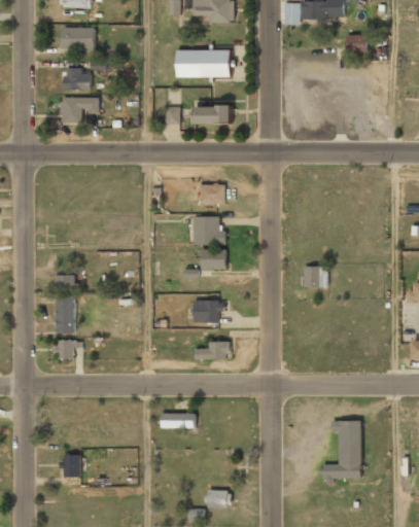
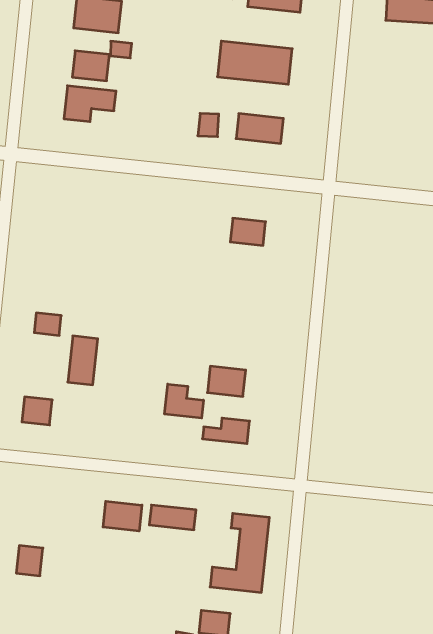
building: [191,217,223,245] -> none
building: [199,250,224,271] -> none
building: [303,266,326,286] -> none
building: [55,297,74,333] -> [68,336,98,385]
building: none -> [165,384,203,418]
building: none -> [103,501,142,531]
building: [320,420,360,479] -> [210,513,269,592]

